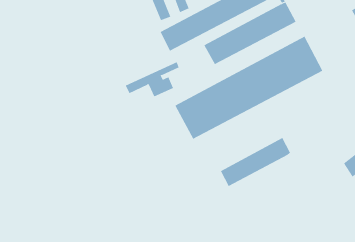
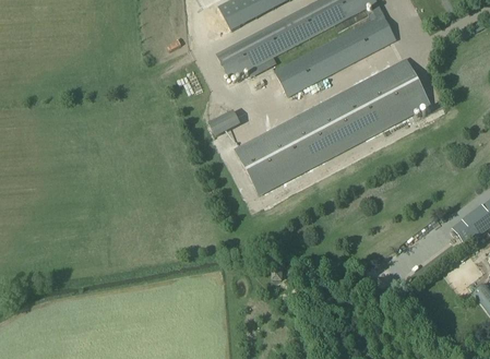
building: [220,137,291,187] -> none

